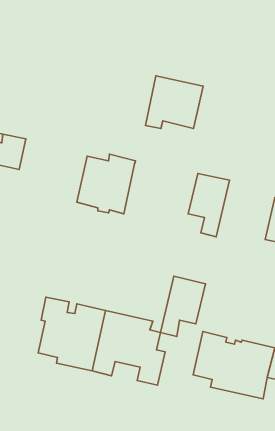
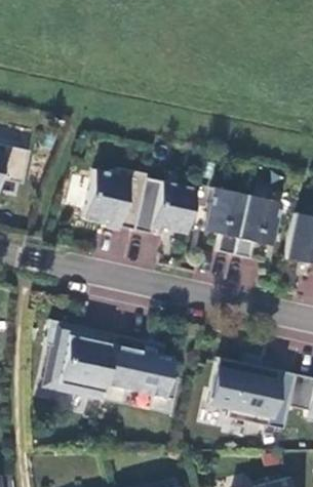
building: [145,76,203,128] -> [135,177,197,234]
building: [160,276,206,336] -> [234,195,282,259]

